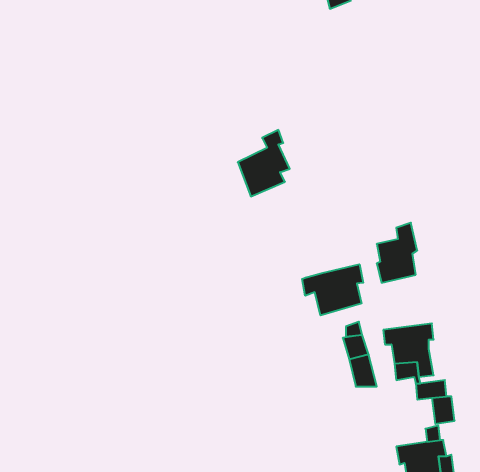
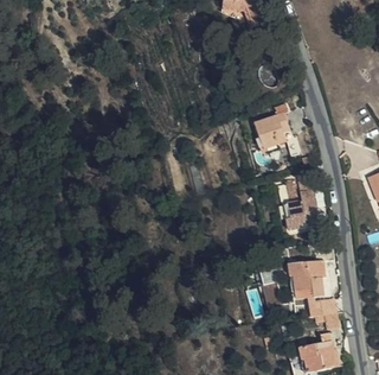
building: [238,130,290,196] -> [253,100,291,148]
building: [302,264,363,315] -> none

